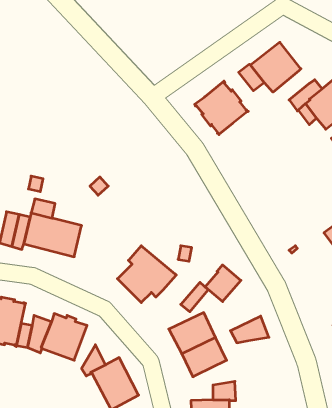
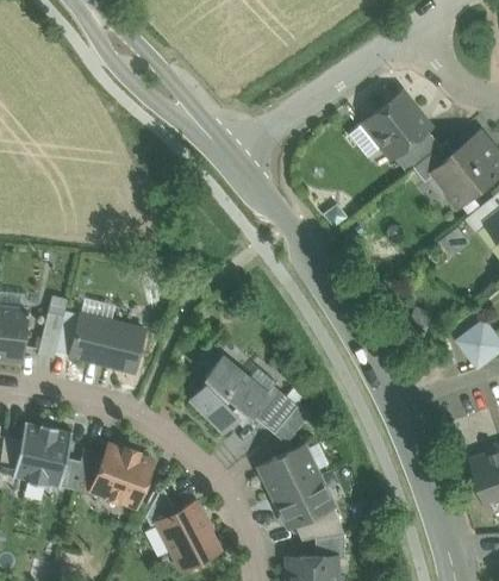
building: none -> [393,130,439,174]
building: [195,81,248,135] -> none
building: [205,265,241,302] -> [250,386,297,433]
building: [230,316,269,343] -> [293,506,343,541]

